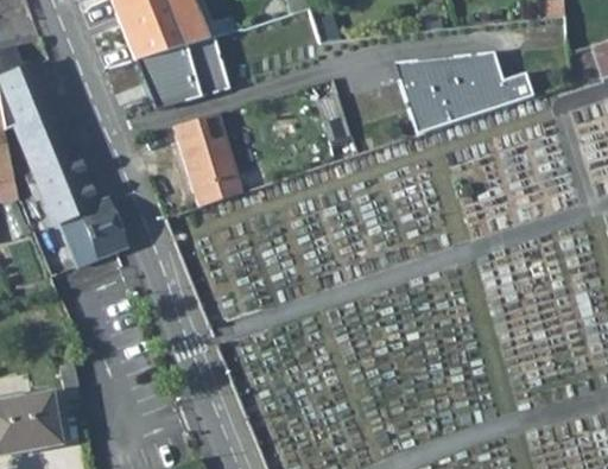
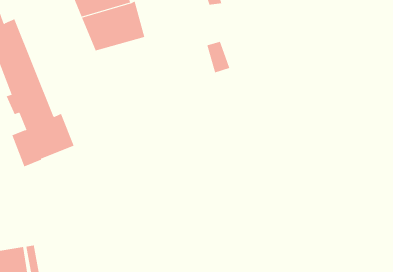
building: [393,52,534,133] -> none
building: [176,112,242,204] -> none

